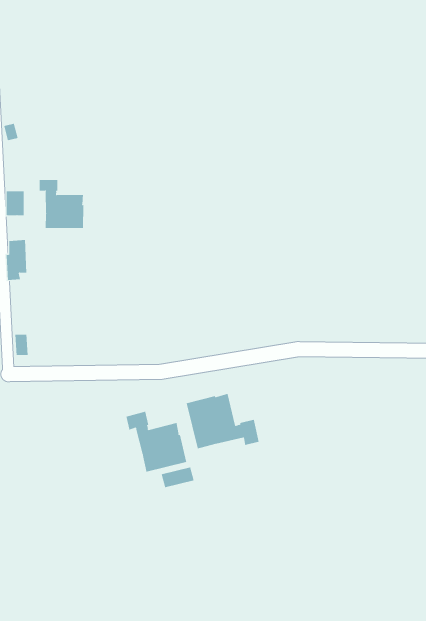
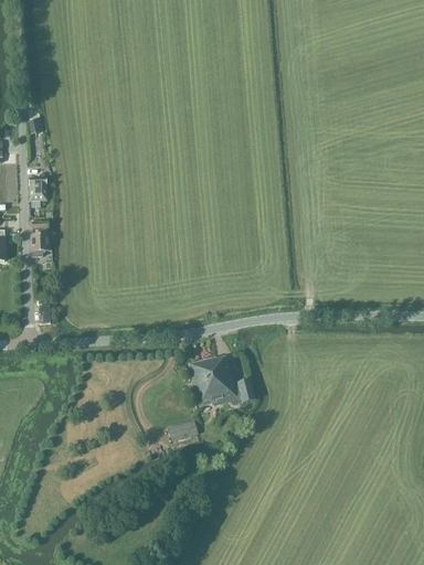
building: [39,179,84,229] -> none
building: [126,411,187,472] -> none

